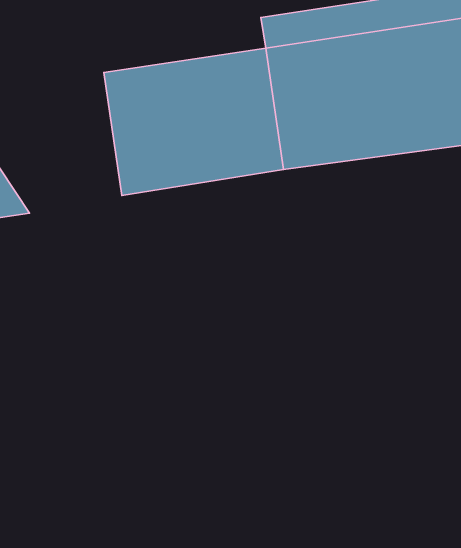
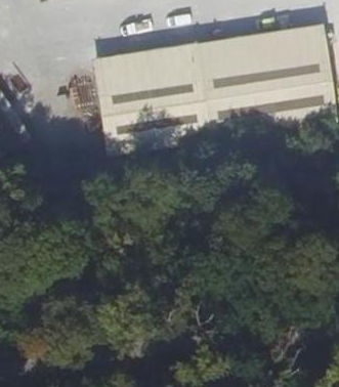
building: none -> [94,41,200,76]

